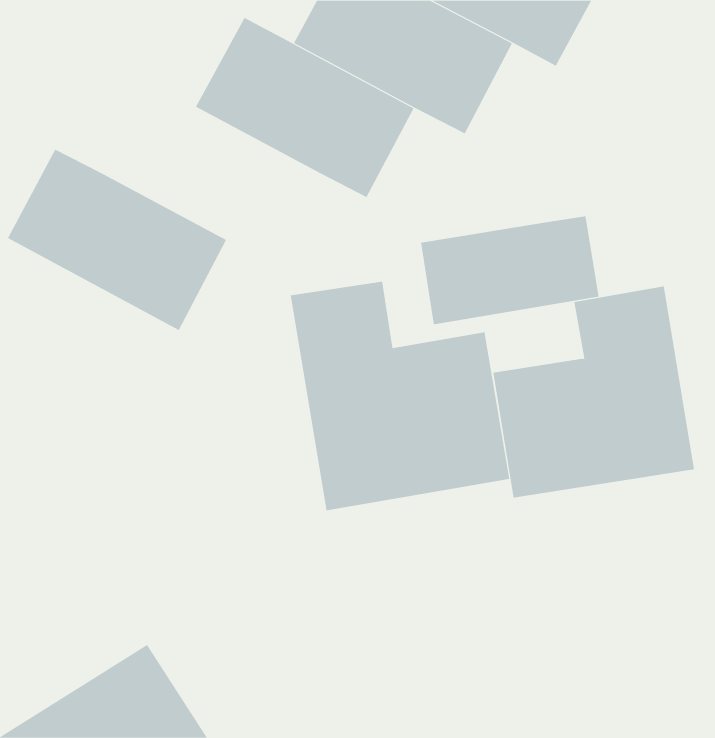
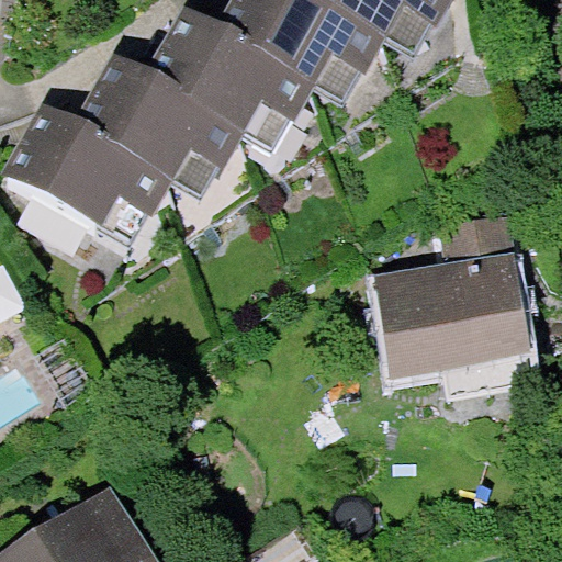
building: none -> [76,63,243,201]
building: [421,216,599,325] -> none
building: [290,281,510,511] -> none

